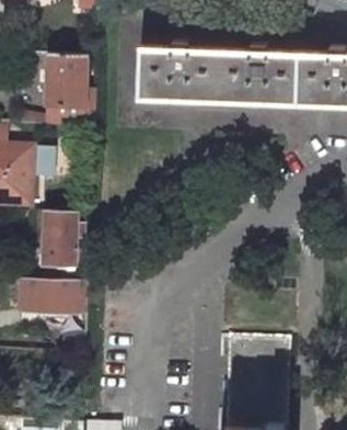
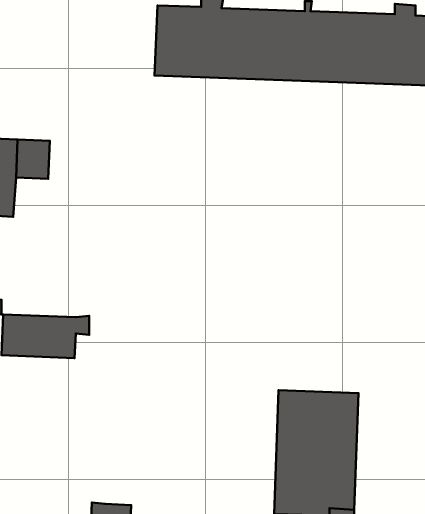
building: [48,55,95,128] -> none
building: [44,211,84,265] -> none

